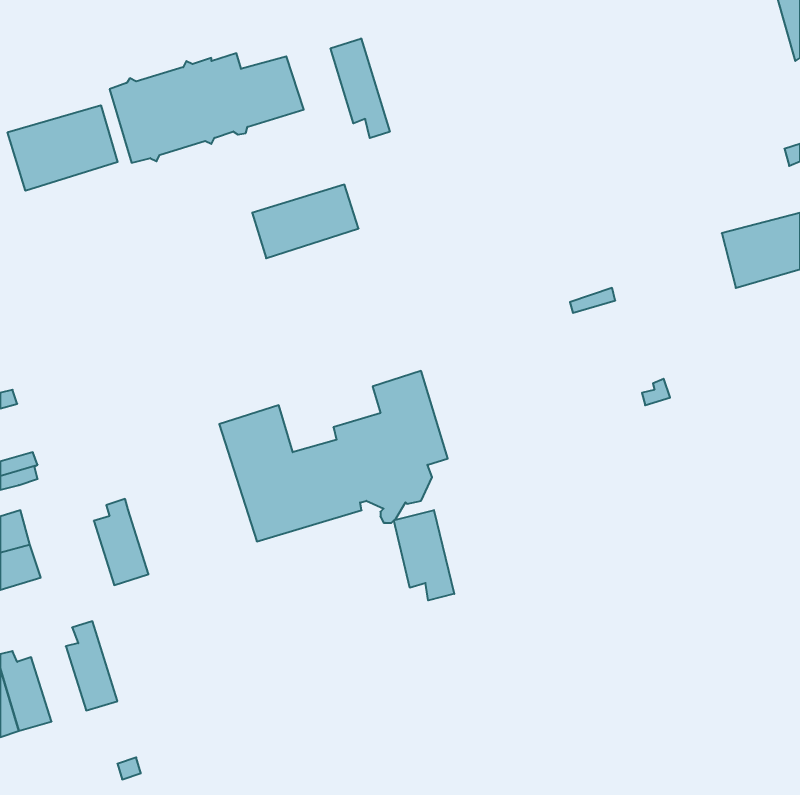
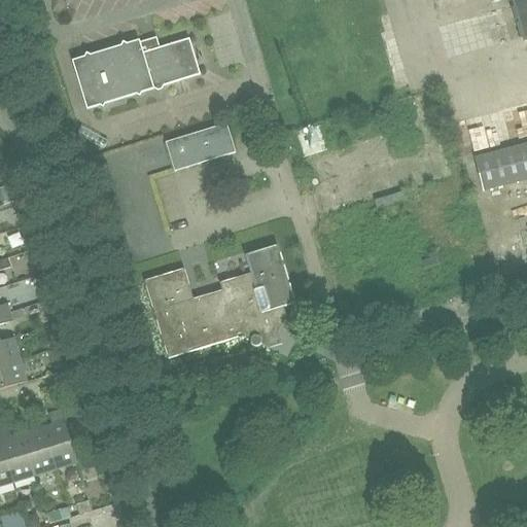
building: [331,38,390,138] -> none
building: [8,105,118,191] -> none
building: [94,499,149,585] -> [21,418,57,475]
building: [394,510,454,600] -> none

